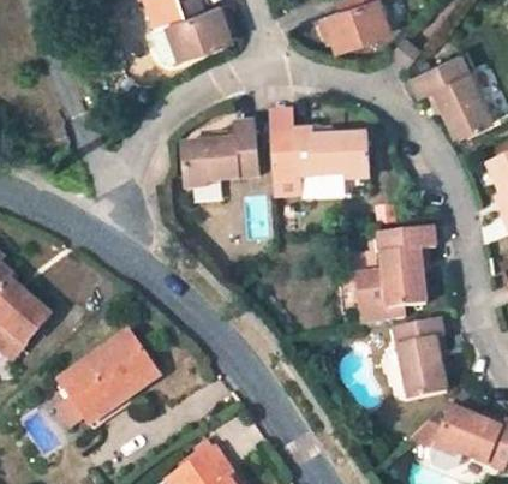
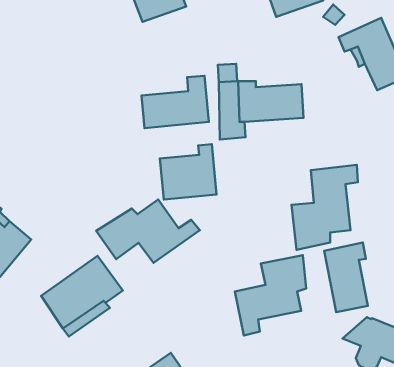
building: none -> [160,144,216,199]
building: none -> [96,199,200,263]
building: none -> [235,255,306,336]

